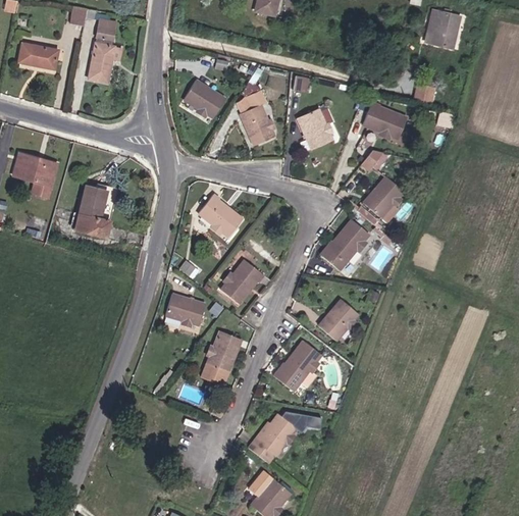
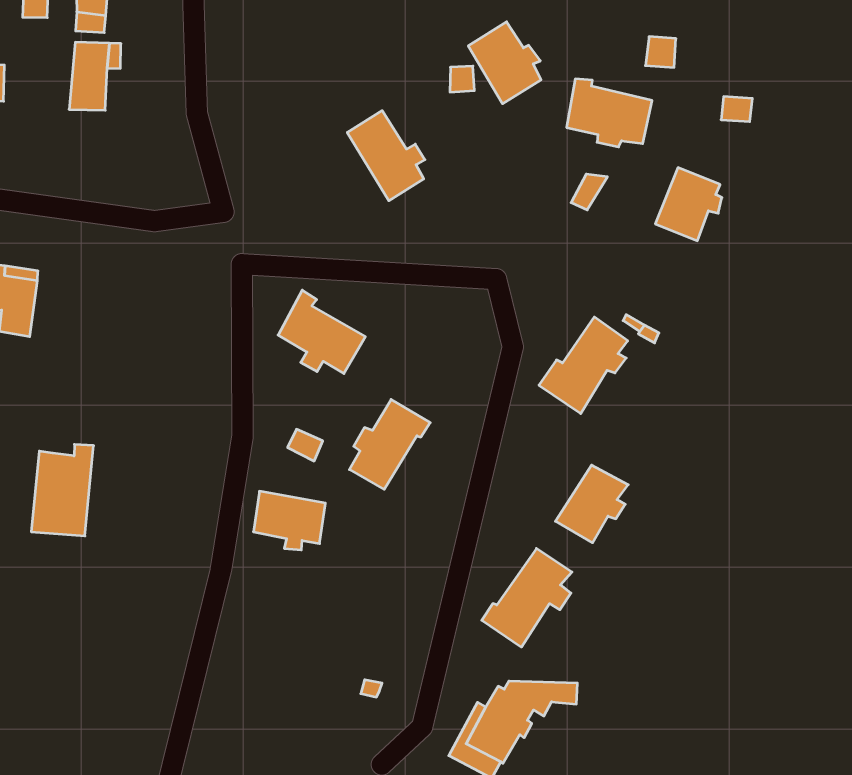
building: [178,73,218,113] -> none
building: [290,101,327,145] -> [468,22,541,104]
building: [363,178,401,219] -> [655,168,722,241]
building: [82,182,121,231] -> [31,444,94,536]
building: [196,330,233,373] -> none

